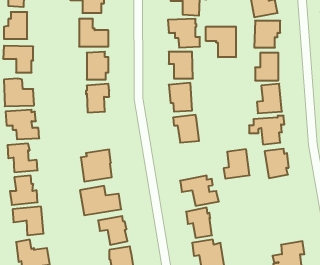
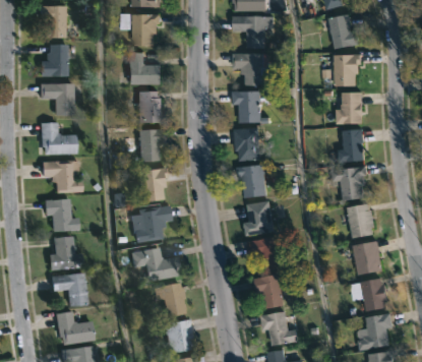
building: [206,27,236,57] -> none
building: none -> [137,169,164,202]
building: [224,149,250,179] -> [245,200,276,235]
building: none -> [353,240,384,276]
building: none -> [350,278,388,312]

